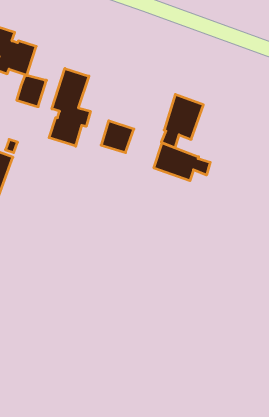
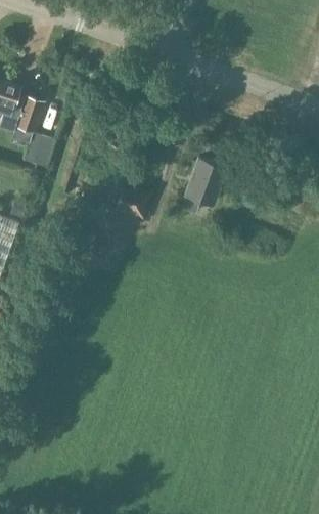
building: [49,68,90,146] -> none
building: [154,143,210,181] -> none

